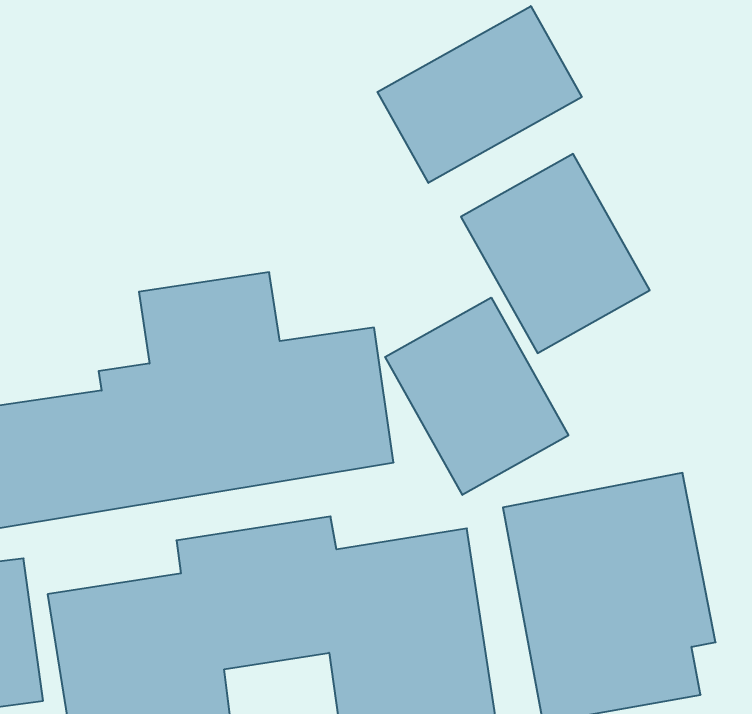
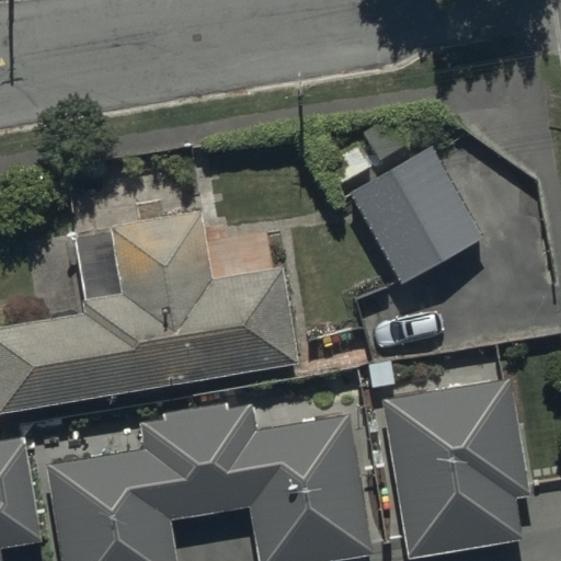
building: [377,6,582,183] -> none
building: [385,298,568,495] -> none

